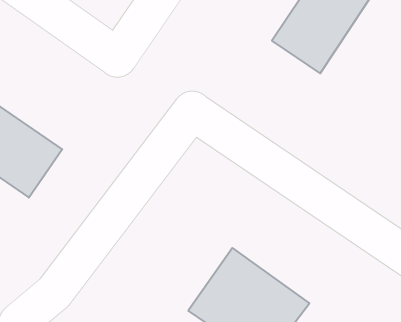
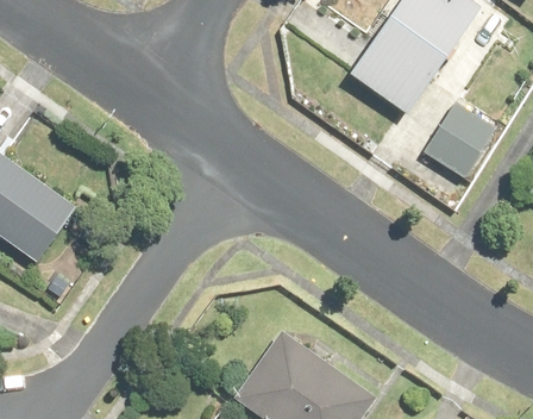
building: none -> [419,100,493,177]

